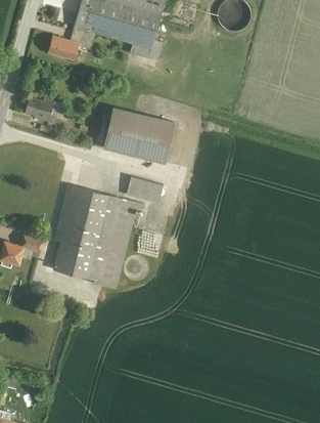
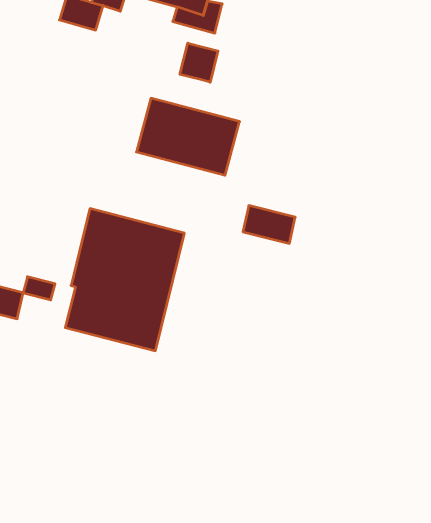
building: none -> [180,43,218,82]
building: [25,97,53,120] -> none
building: [126,176,163,203] -> [243,206,295,243]

